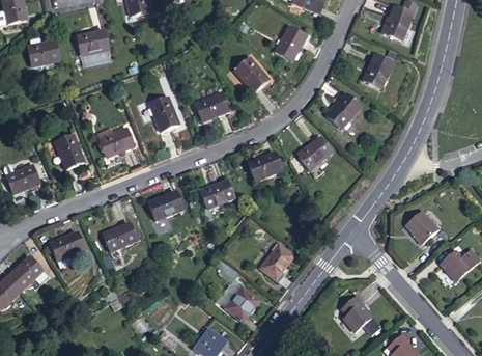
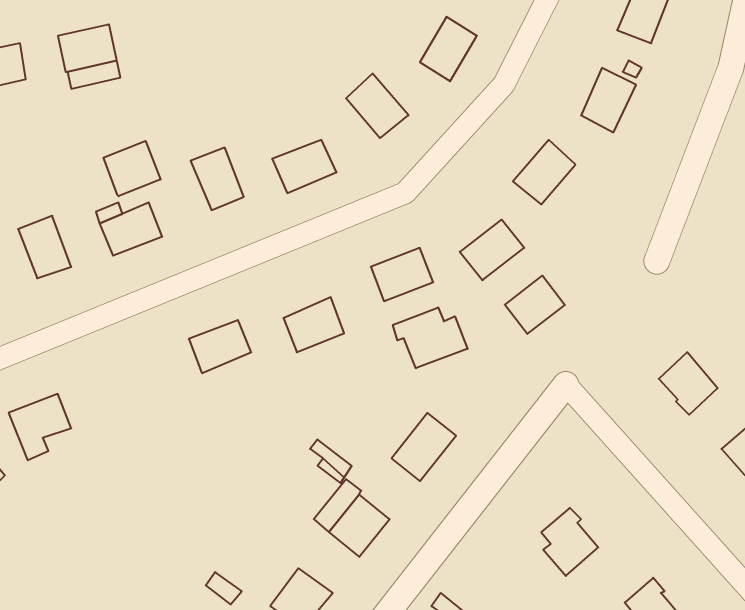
building: none -> [103,141,161,196]
building: none -> [505,276,565,334]
building: none -> [393,307,468,368]
building: [103,222,137,259] -> none

